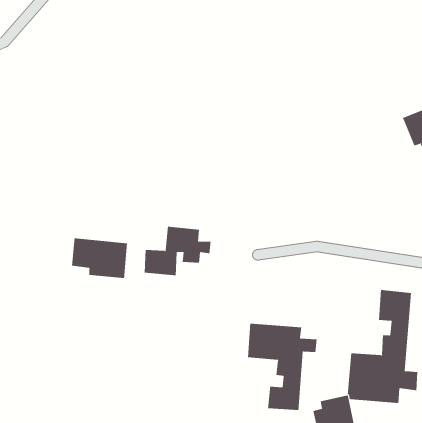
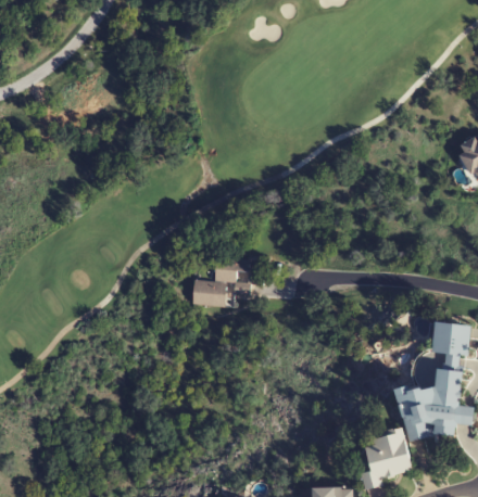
building: [71,237,128,279] -> none
building: [248,323,317,411] -> none

